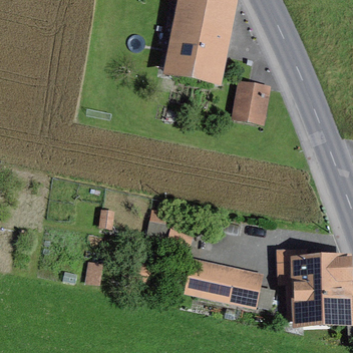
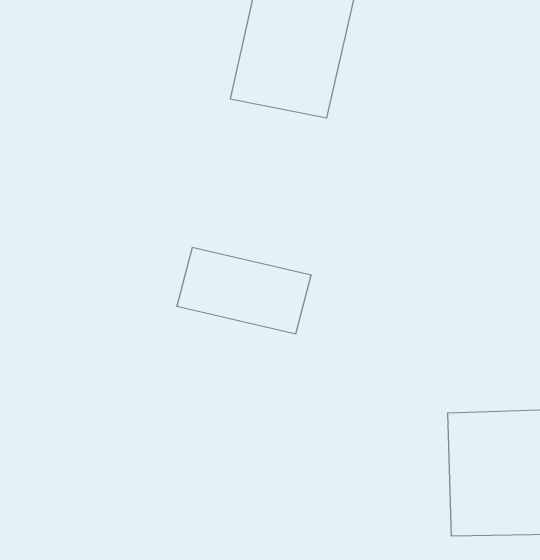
building: [234,79,271,120] -> none
building: [189,257,267,307] -> [177,248,311,334]

